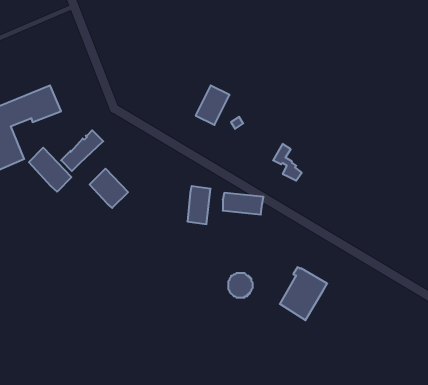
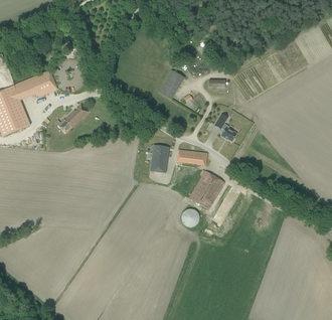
building: [29,148,71,192] -> none
building: [90,169,128,208] -> none
building: [280,267,327,320] -> [189,170,224,209]

